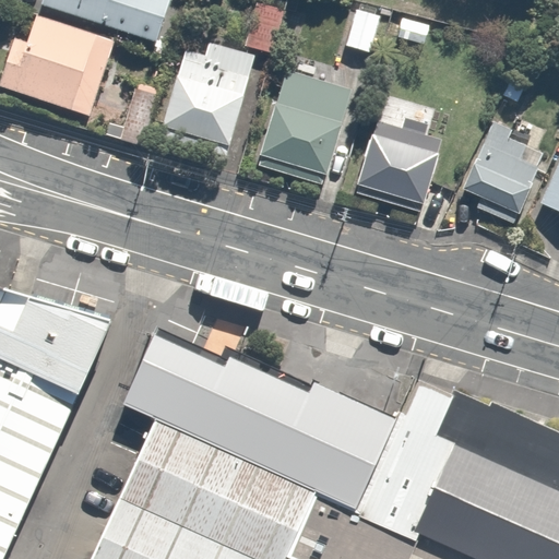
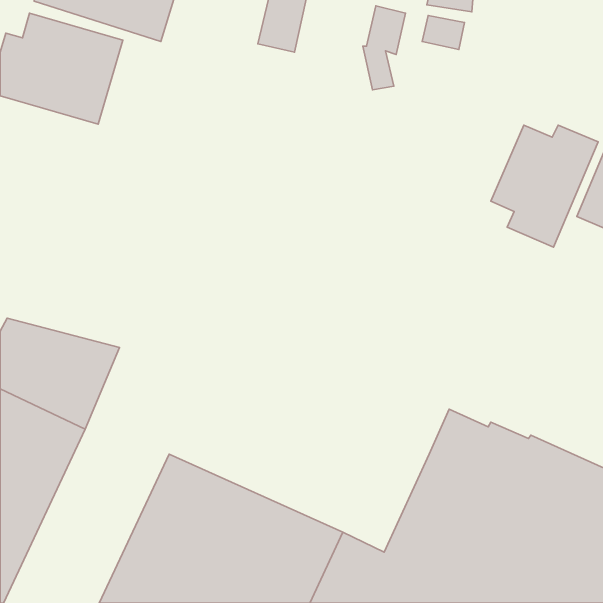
building: [155,38,255,145] -> none
building: [251,69,357,185] -> none
building: [346,114,438,212] -> none
building: [126,336,397,510] -> none

